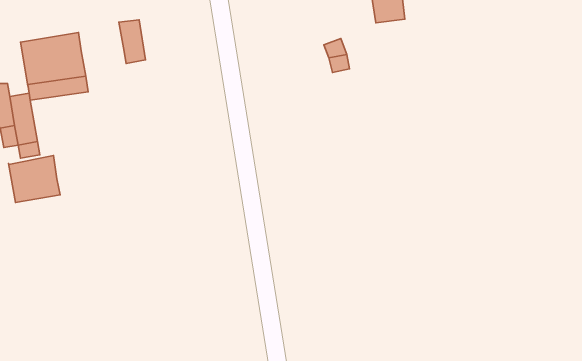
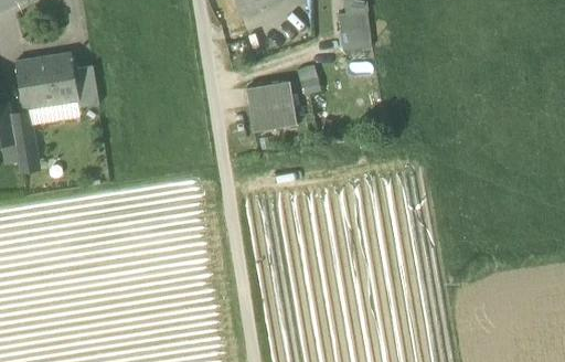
building: [119,20,145,63] -> [75,72,99,111]
building: none -> [245,79,296,130]
building: [9,156,60,203] -> none

